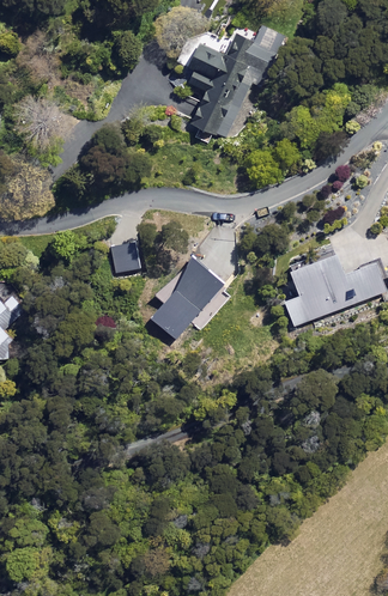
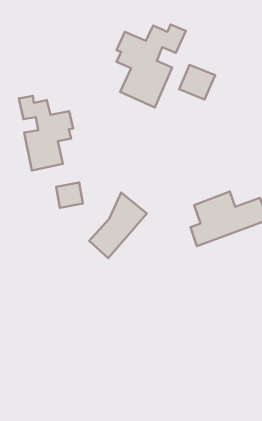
building: none -> [179,65,215,100]
building: none -> [19,96,73,171]

